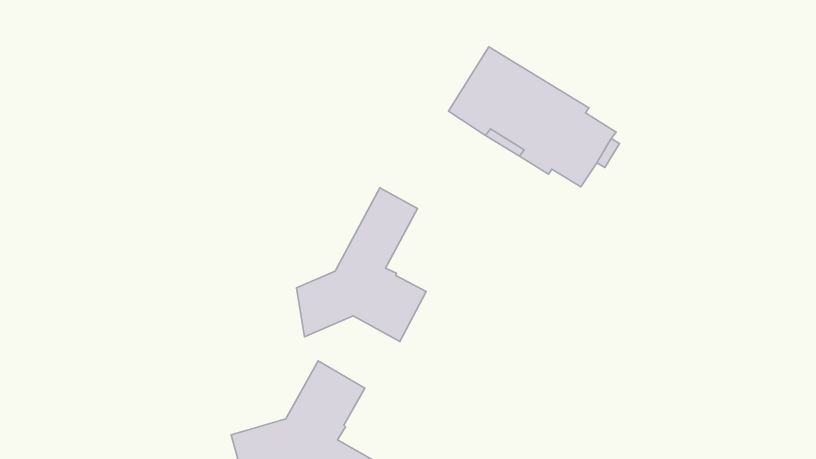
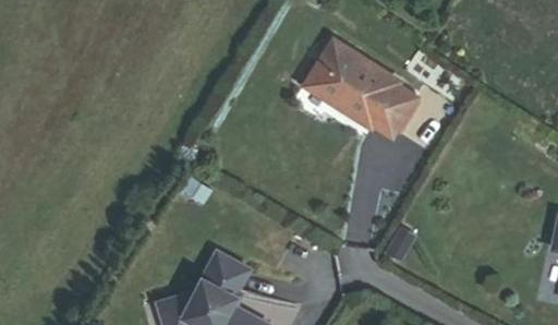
building: [296,188,426,341] -> none

